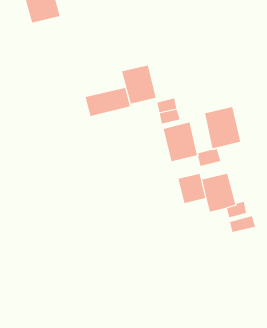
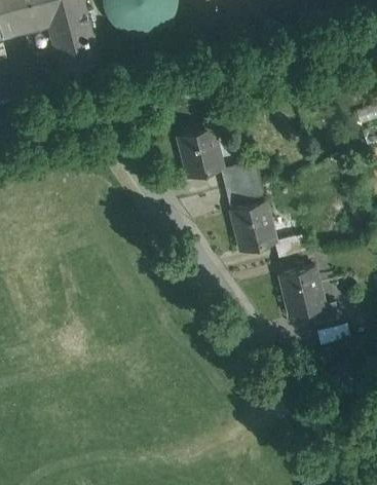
building: [85,87,130,117] -> none
building: [205,106,241,149] -> none
building: [178,173,206,204] -> none

